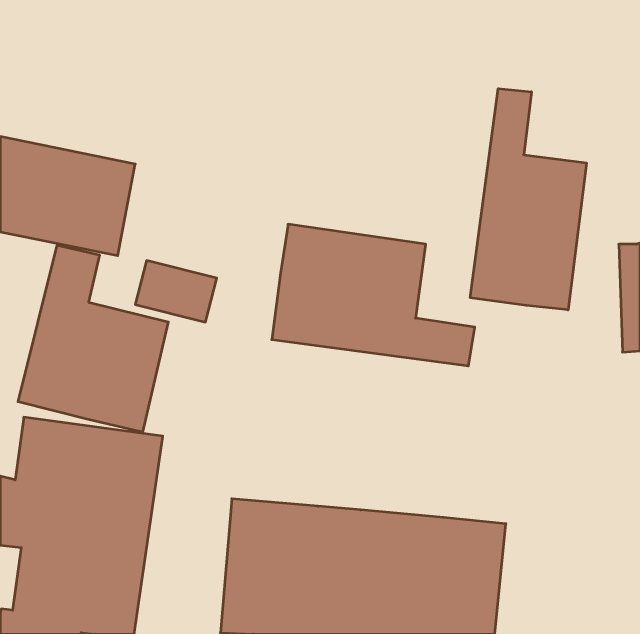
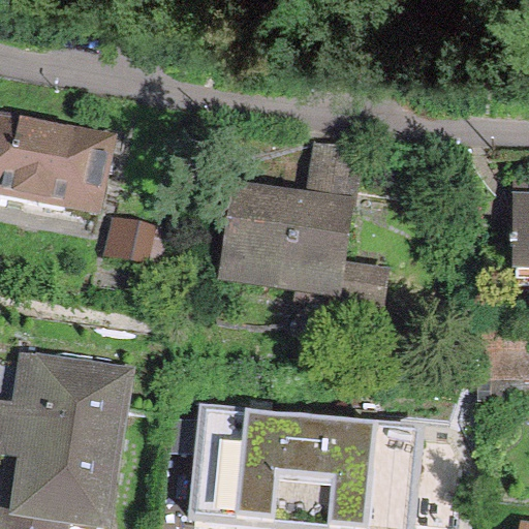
building: [470,89,586,310] -> none
building: [18,245,168,432] -> none

